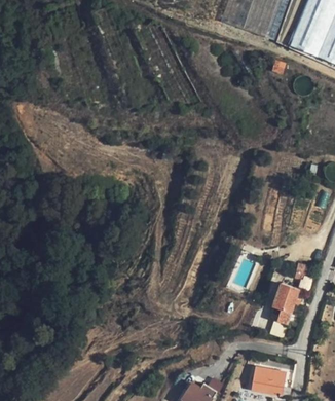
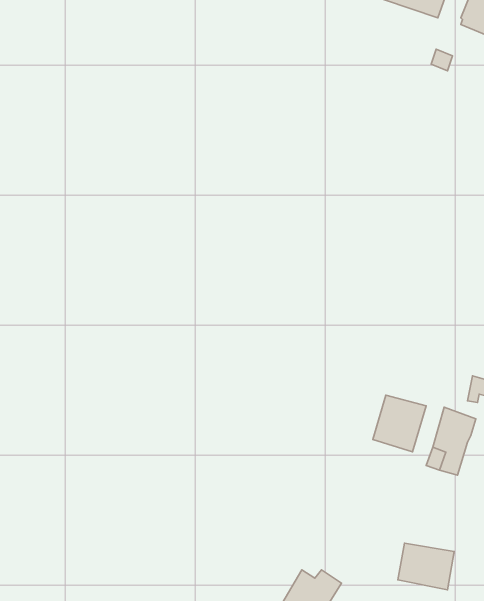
building: none -> [373,395,426,452]

